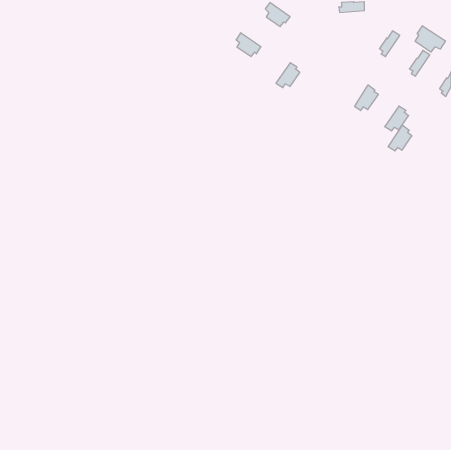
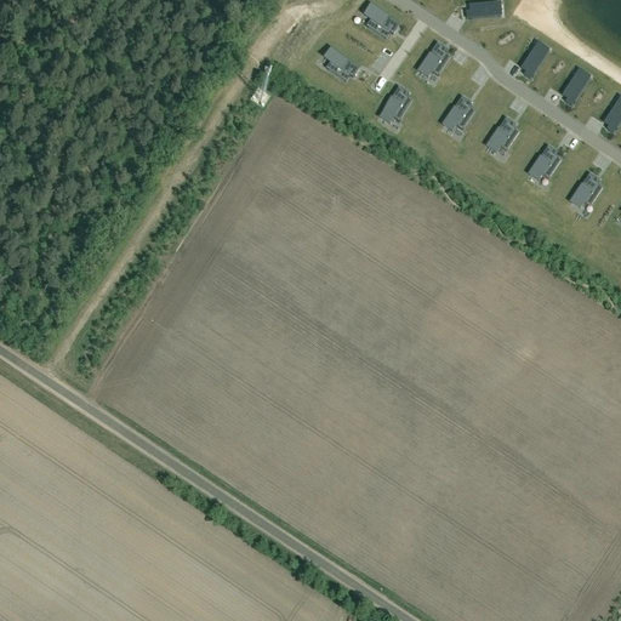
building: [415,26,445,52] -> none
building: none -> [417,41,450,76]
building: none -> [441,96,474,131]
building: [388,125,412,151] -> [569,172,602,207]

